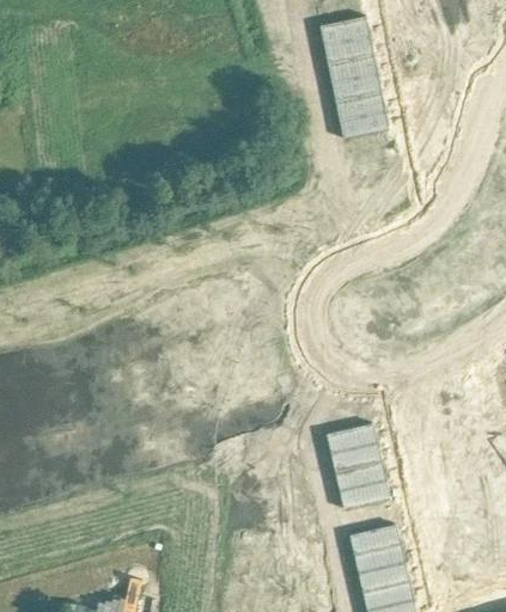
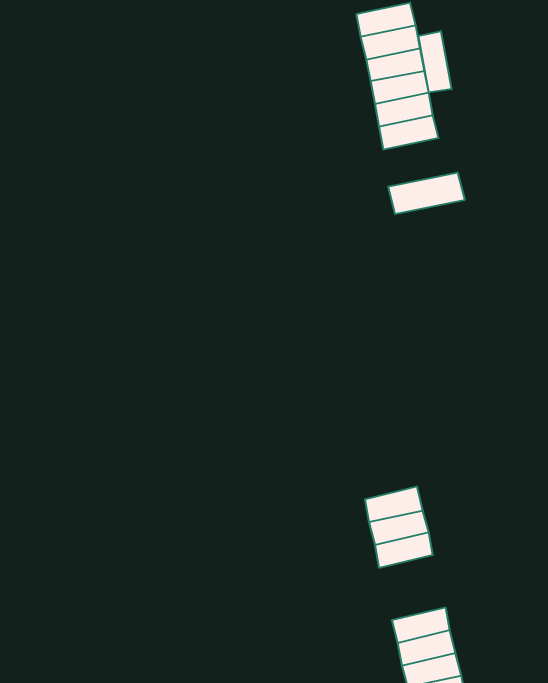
building: none -> [418,31,452,92]
building: none -> [388,172,465,214]
building: [340,481,390,510] -> none

